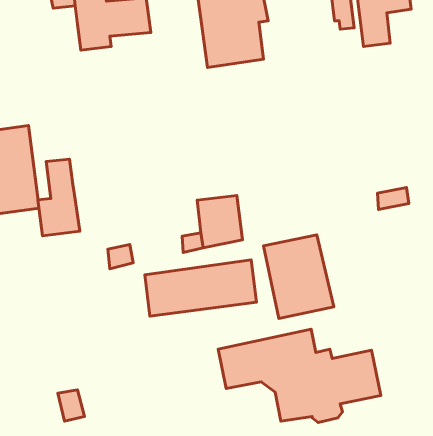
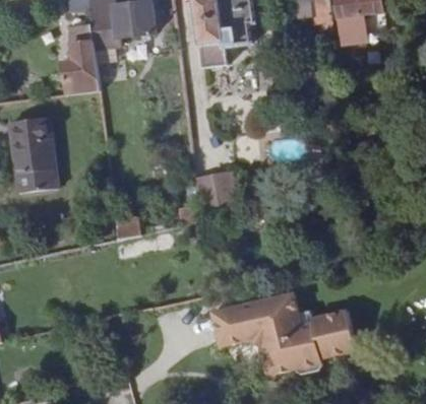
building: [38,159,80,236] -> [62,25,99,92]
building: [263,235,334,318] -> none
building: [145,260,256,316] -> none

